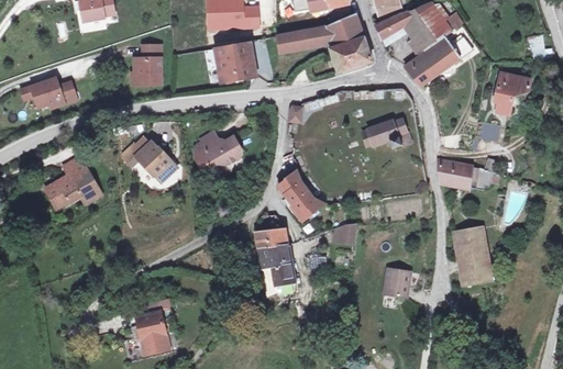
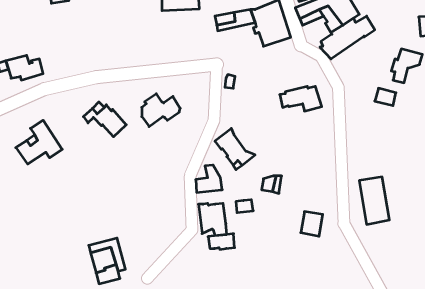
building: [218,41,257,81] -> none
building: [133,45,161,85] -> none
building: [435,160,496,190] -> none
building: [257,243,289,261] -> [208,234,235,249]

